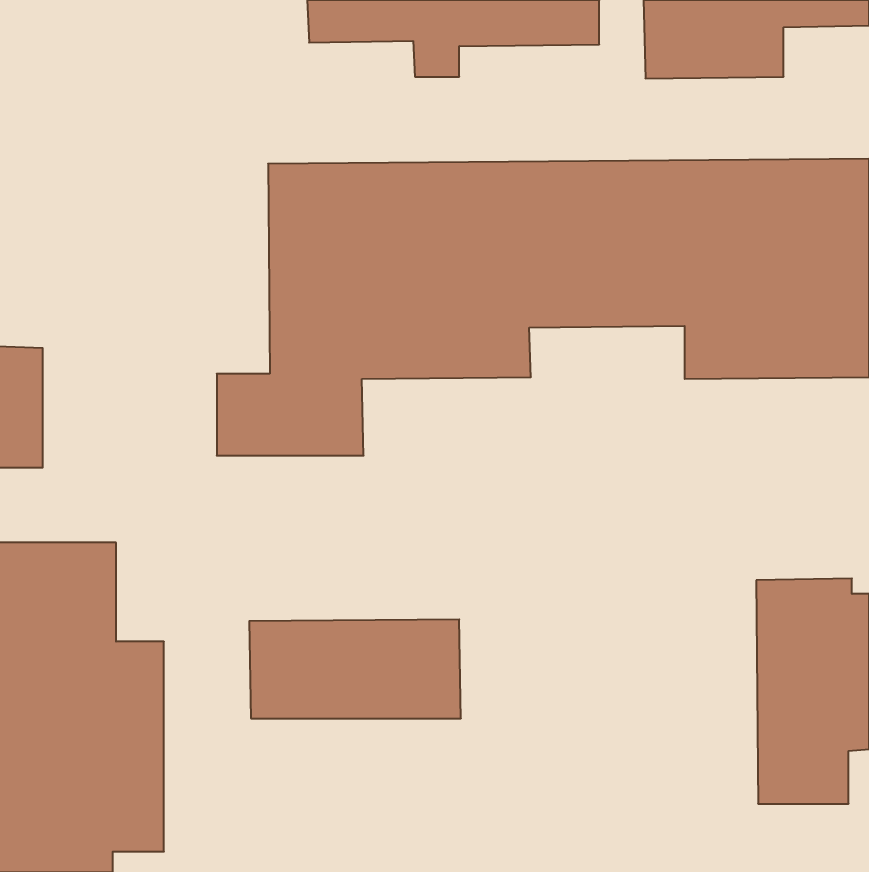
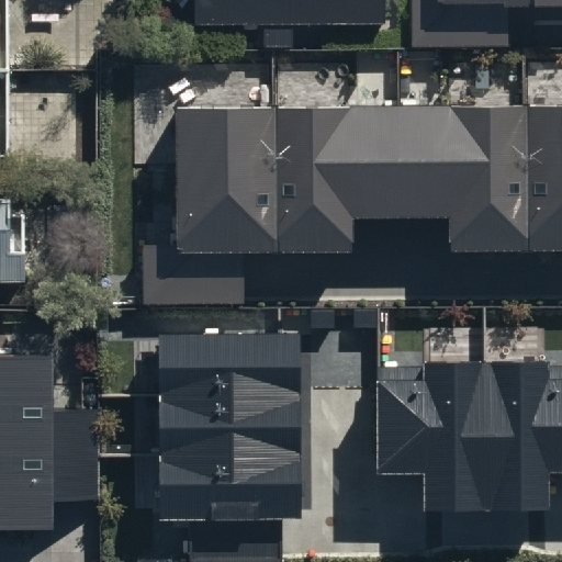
building: none -> [160,335,295,400]
building: none -> [381,373,487,517]
building: none -> [161,462,296,527]

